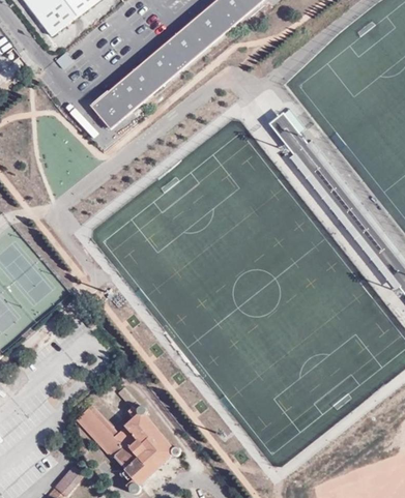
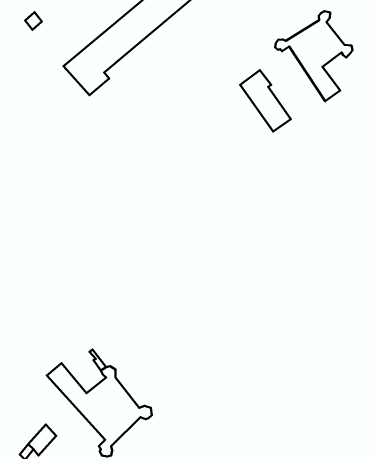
building: none -> [275,11,352,101]

